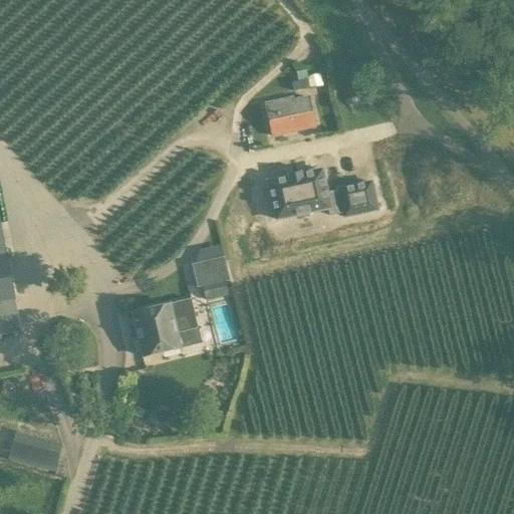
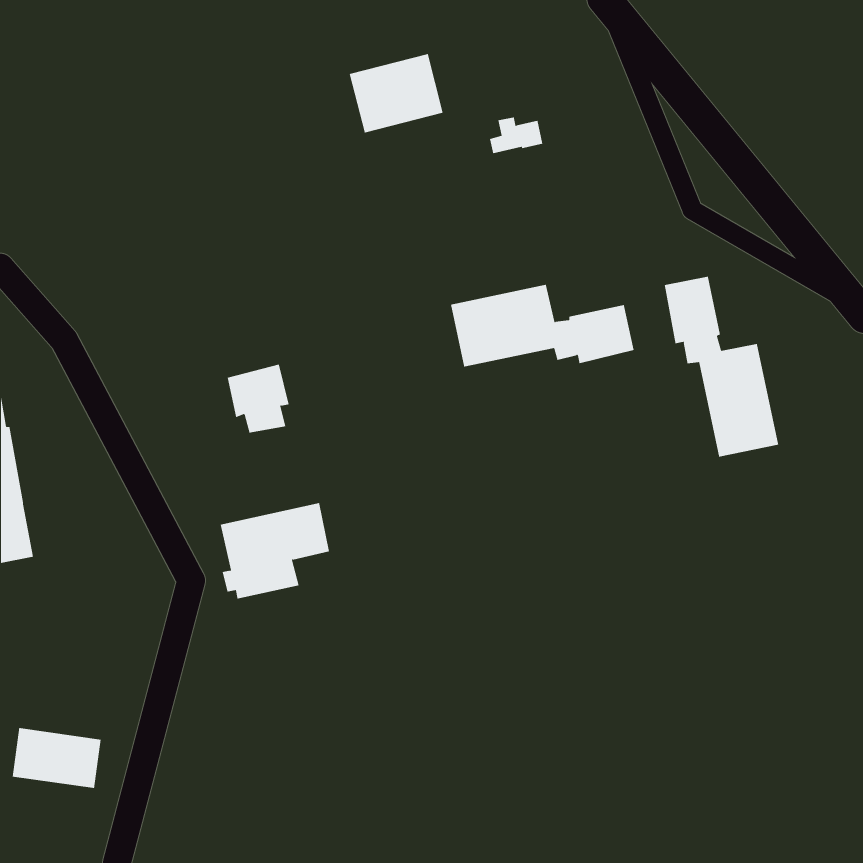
building: [260,90,316,138] -> [349,54,444,133]
building: none -> [664,276,779,457]
building: [192,256,229,297] -> [227,364,290,433]

